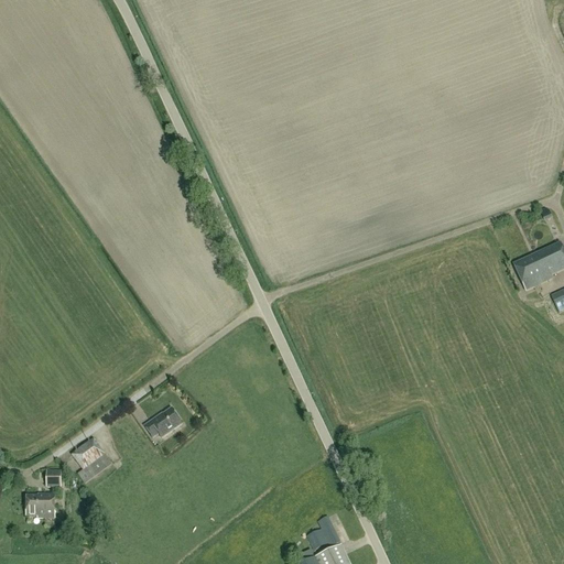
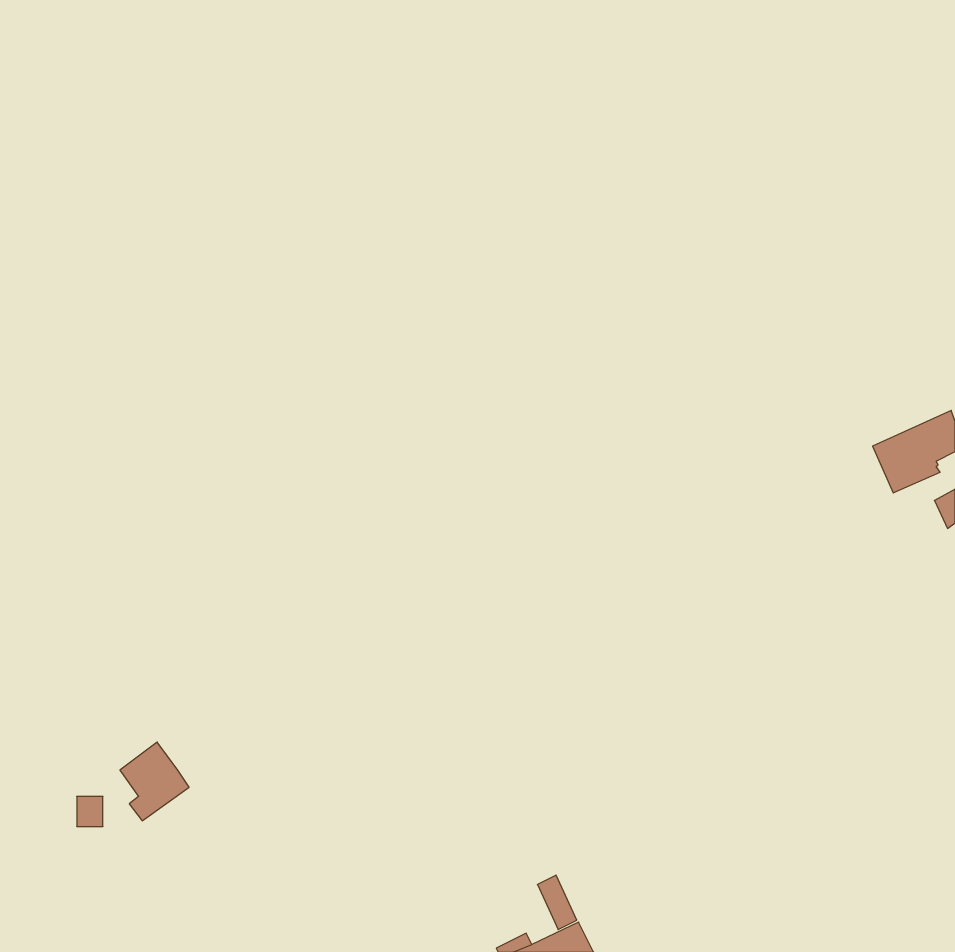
building: [143,408,181,436] -> none
building: [24,492,54,517] -> none

